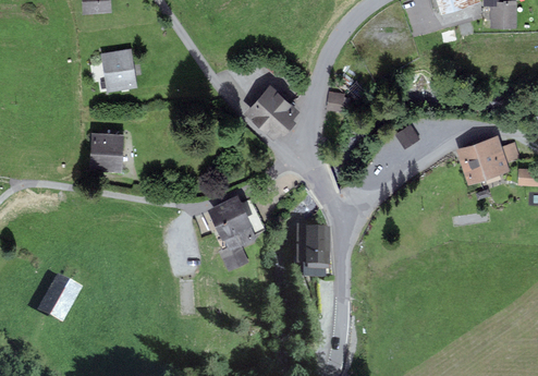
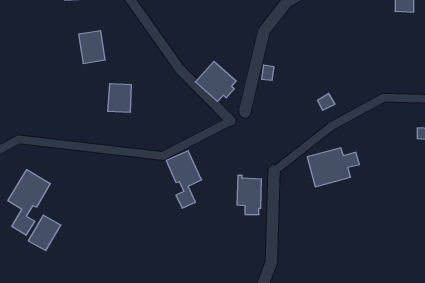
building: [91,132,121,167] -> [108,84,131,112]
building: [456,135,521,183] -> [307,148,359,187]
building: none -> [8,170,50,235]

